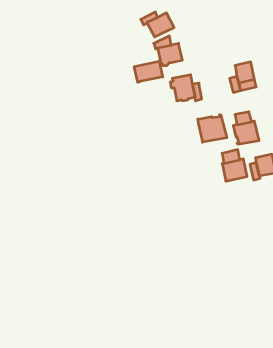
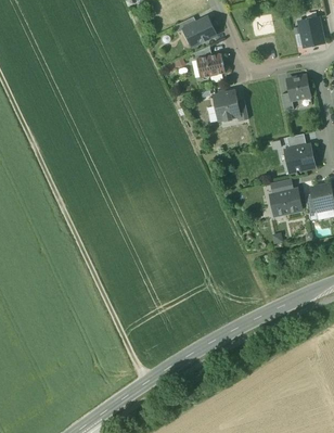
building: none -> [298,16,323,46]
building: [134,61,163,82] -> none
building: [198,115,227,142] -> none

